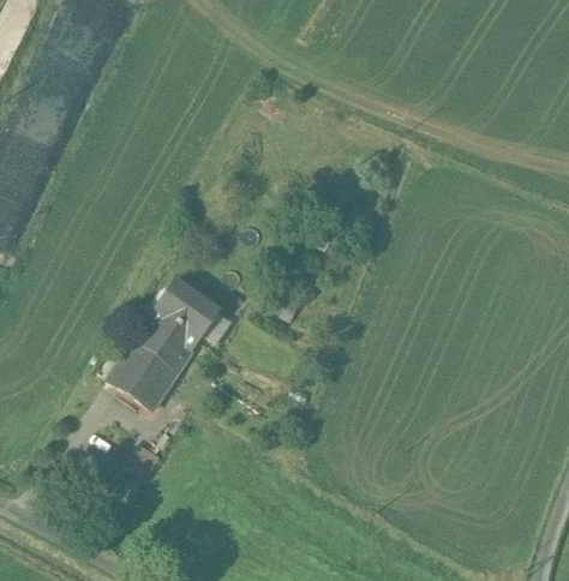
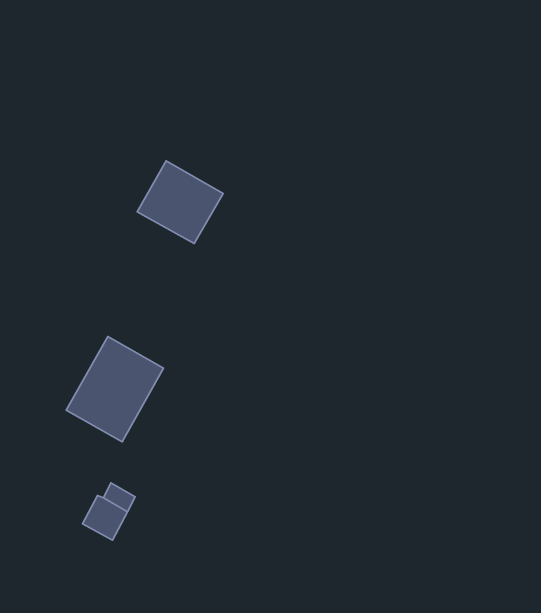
building: [148,277,221,348] -> [137,161,223,243]

